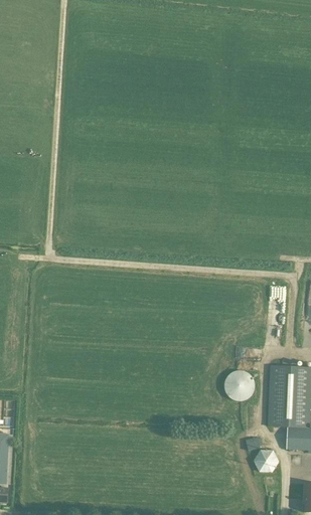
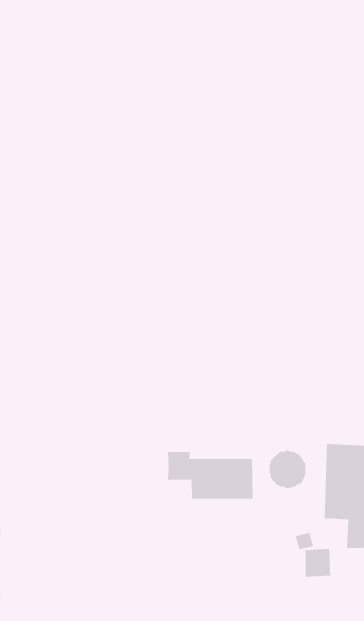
building: none -> [168,451,253,499]

